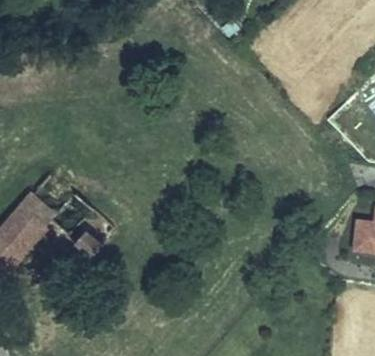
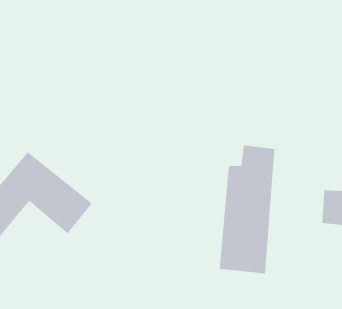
building: none -> [219,145,275,274]

